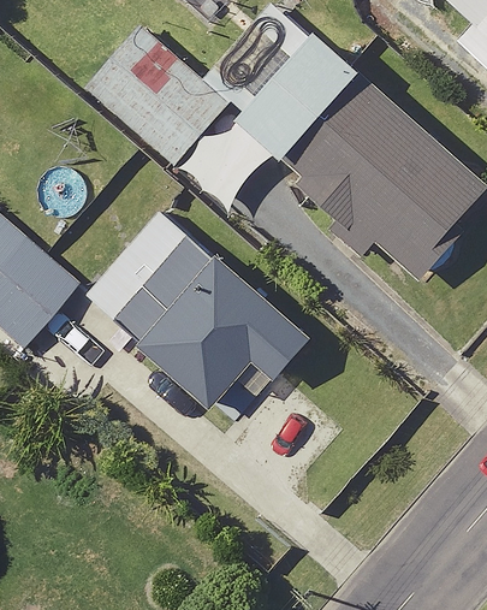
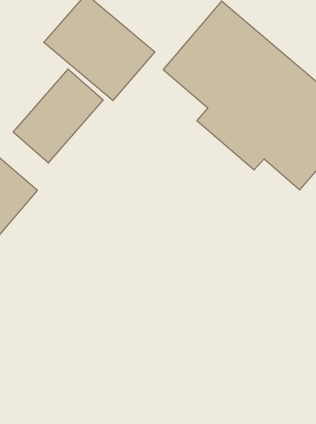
building: [88,212,207,336] -> [13,69,103,163]
building: [138,251,317,409] -> none

